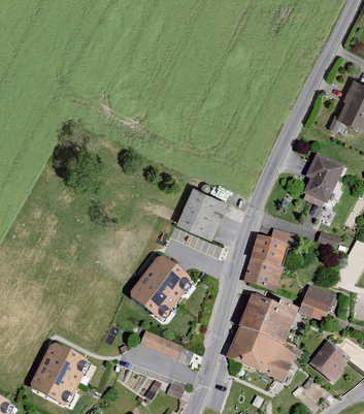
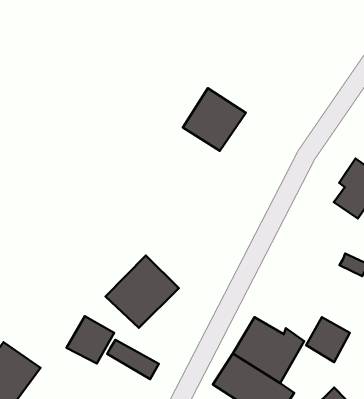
building: [177,189,227,238] -> [183,88,246,151]
building: [243,228,298,289] -> none
building: none -> [67,316,114,364]

